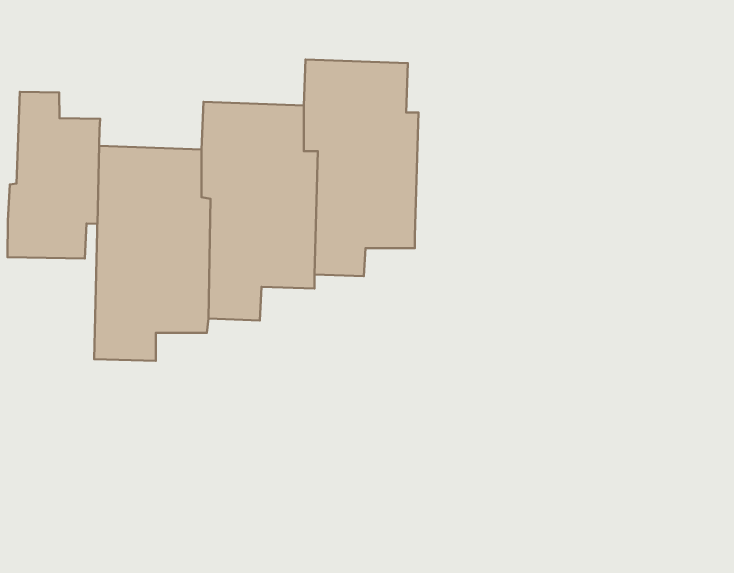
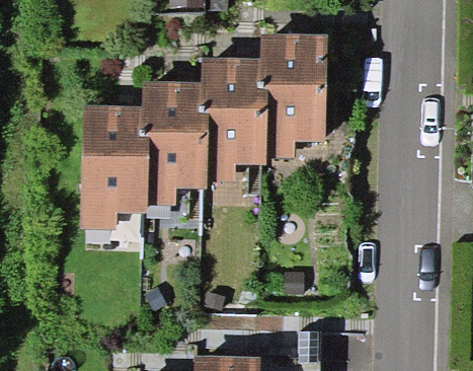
building: none -> [261,32,328,157]
building: [7,92,100,258] -> none

